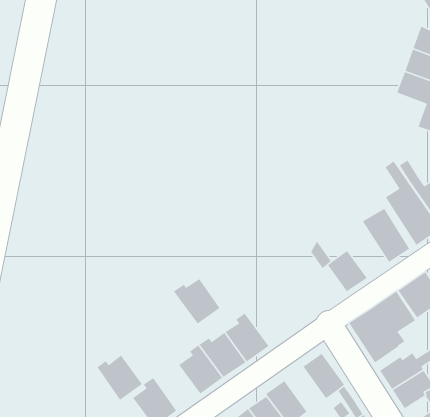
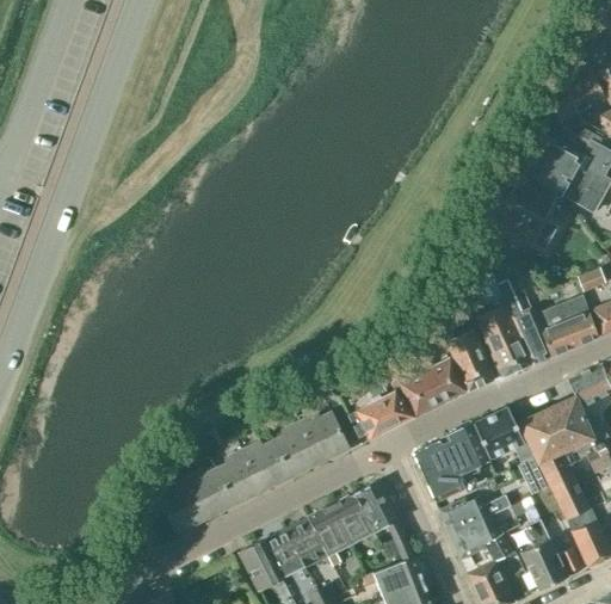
building: none -> [425,358,468,405]
building: none -> [348,380,415,437]
building: [173,278,220,325] -> [300,412,350,463]
building: [96,355,143,401] -> [186,468,235,519]
building: none -> [332,492,375,543]

